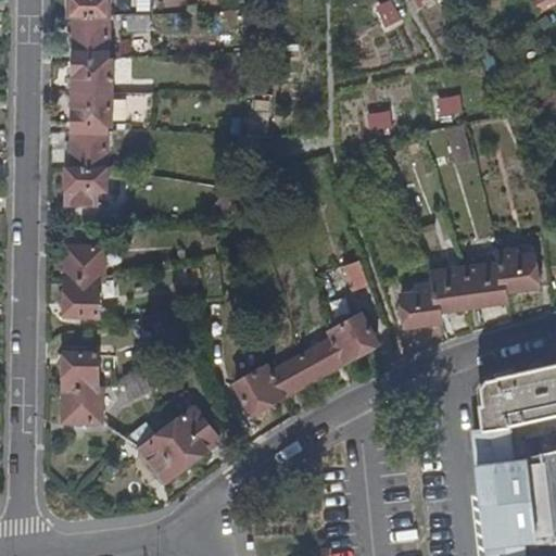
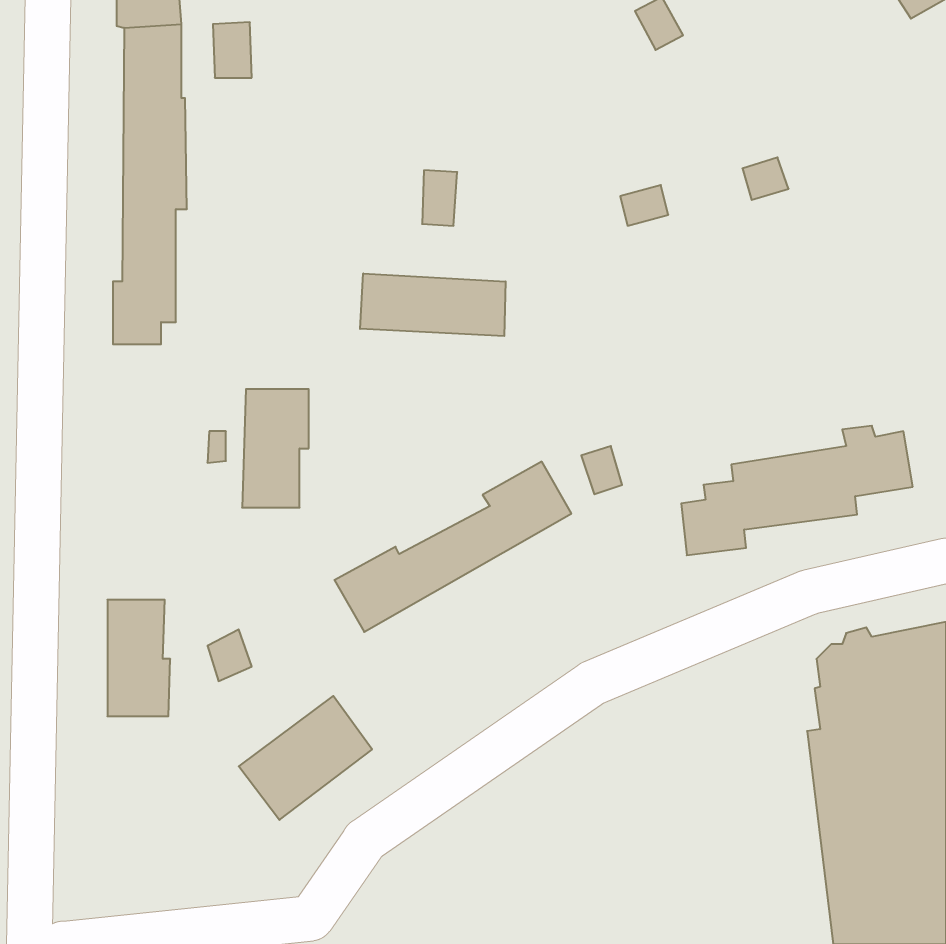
building: none -> [360,273,506,336]
building: [63,245,102,315] -> [242,389,309,508]
building: [236,314,375,414] -> [334,462,571,632]

